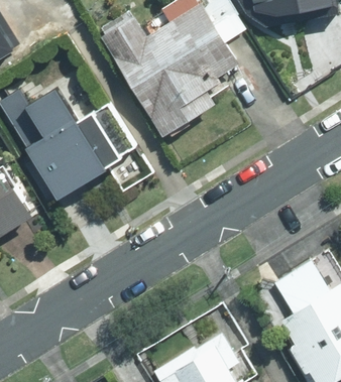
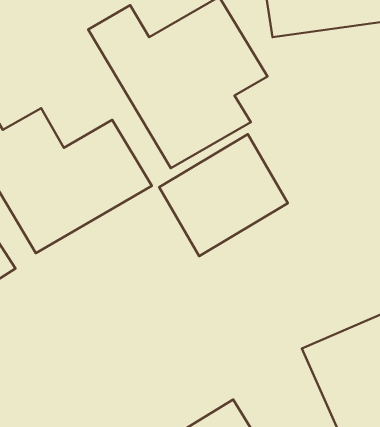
building: none -> [159,134,288,256]

